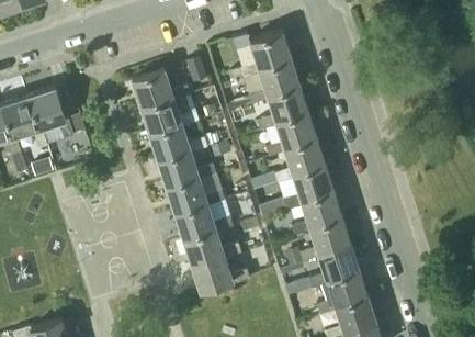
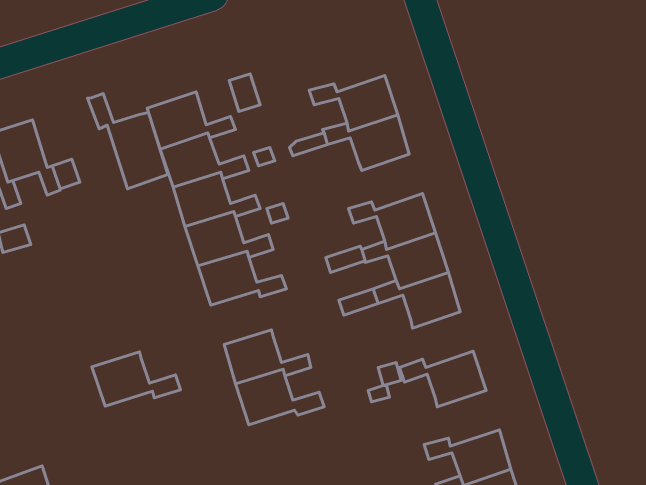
building: [249,33,291,70] -> none
building: none -> [88,93,168,189]
building: [258,112,316,149] -> none
building: [174,203,234,239] -> [92,352,180,406]
building: [292,217,350,255] -> none
building: [308,270,367,307] -> none

